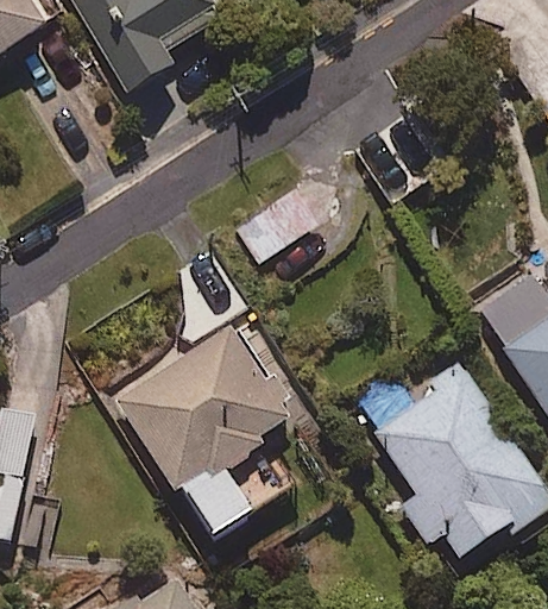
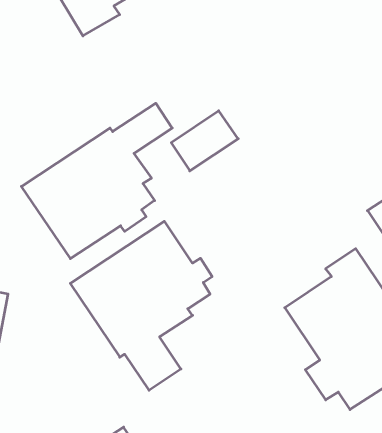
building: none -> [21,103,172,259]

